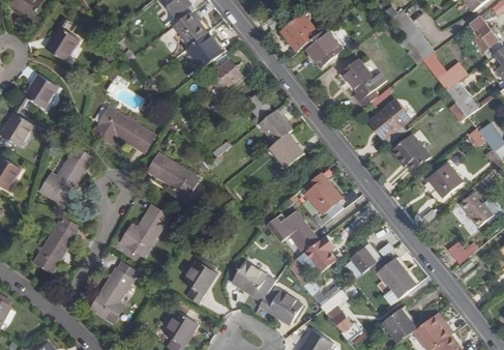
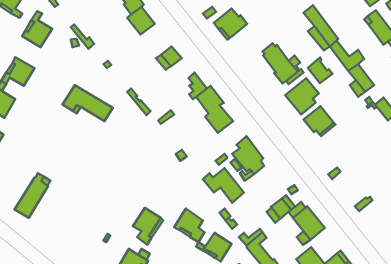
building: [304,29,343,66] -> none
building: [187,32,224,68] -> none
building: none -> [308,58,332,83]
building: [40,146,91,204] -> none
building: [149,153,199,201] -> none
building: [427,162,464,198] -> none
building: [461,193,493,226] -> none
building: [122,205,170,256] -> none
building: [296,235,335,272] -> none
building: [91,261,138,322] -> none

